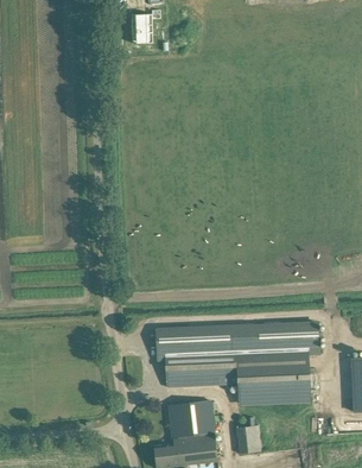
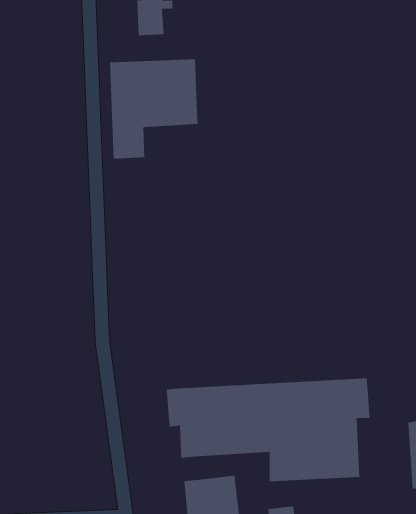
building: none -> [109,59,199,160]

